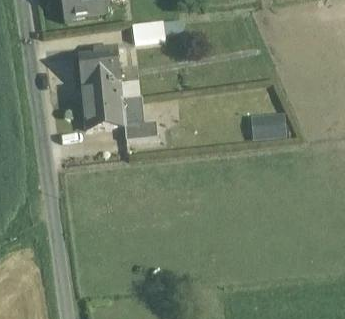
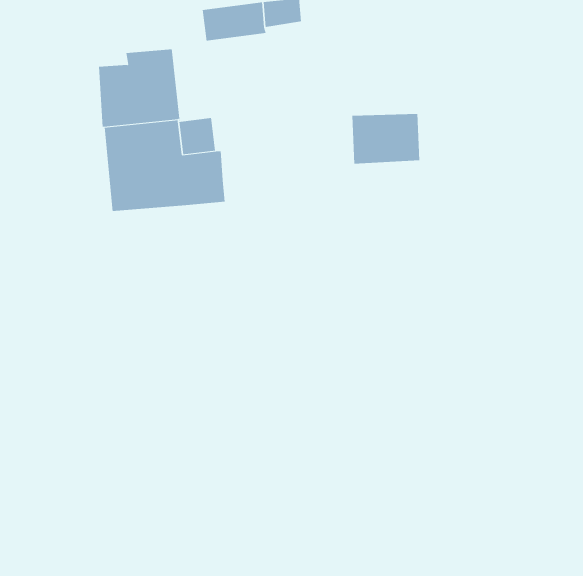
building: [123,111,157,140] -> none
building: [251,111,286,137] -> [351,113,420,164]

